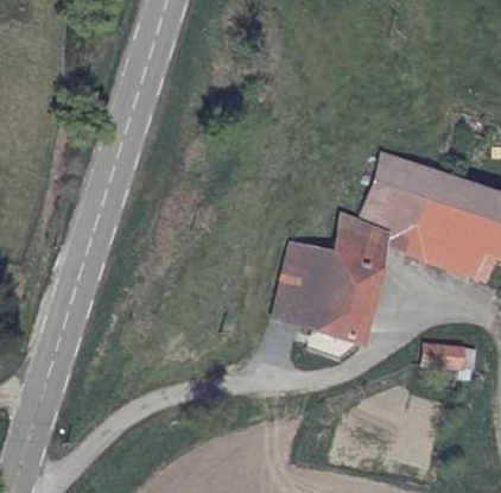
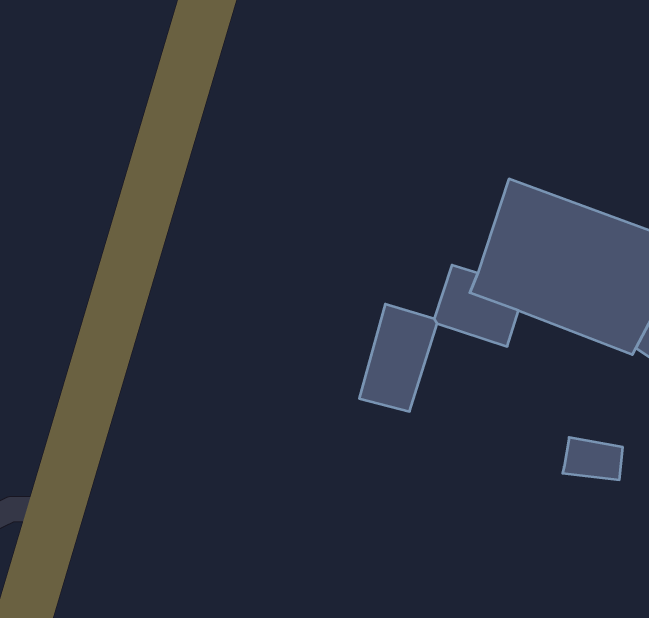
building: [305,255,382,350] -> none

